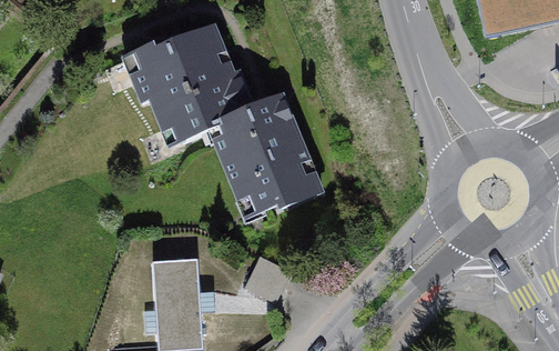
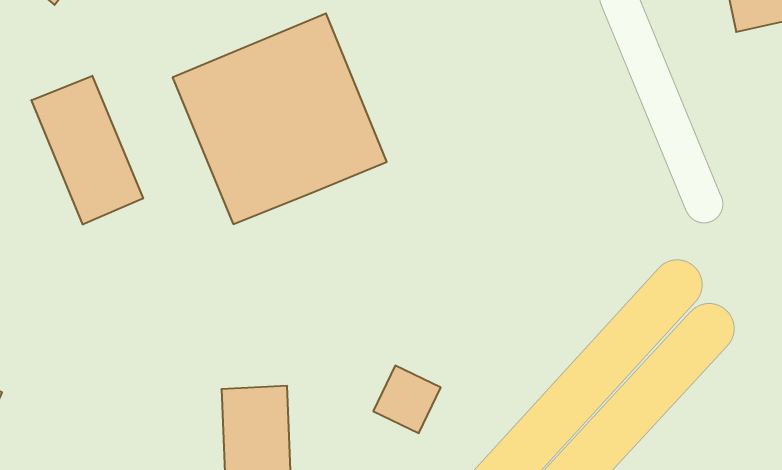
building: none -> [31,76,143,225]
building: [206,104,325,227] -> none

